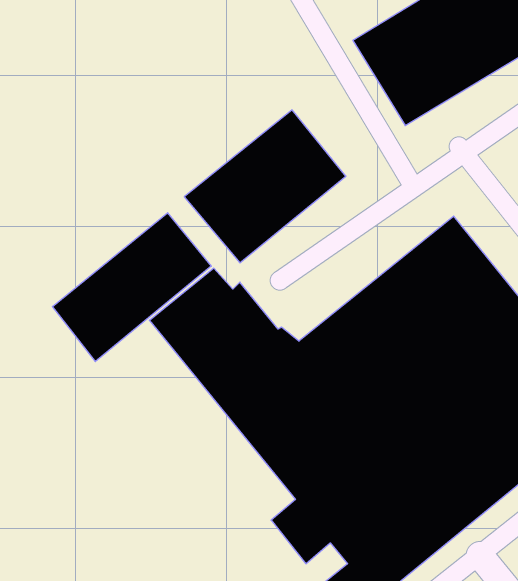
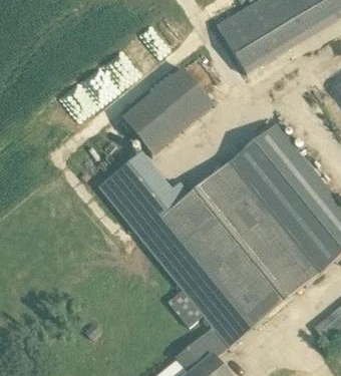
building: [52,213,211,362] -> none

